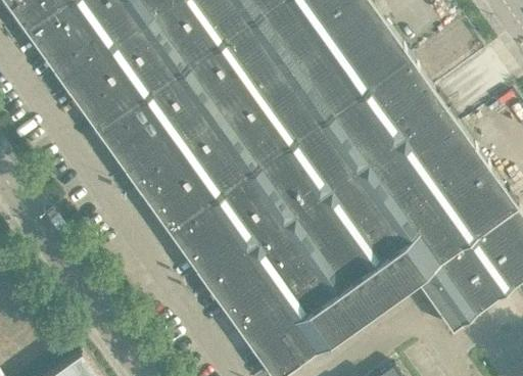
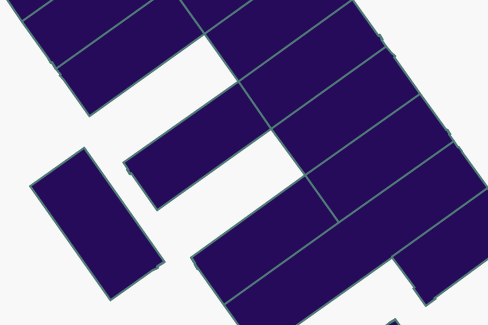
building: [97,46,254,182] -> none
building: [169,146,325,282] -> none
building: none -> [30,148,165,300]

